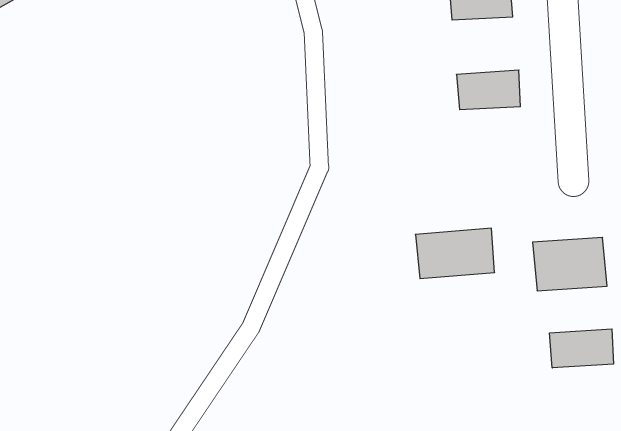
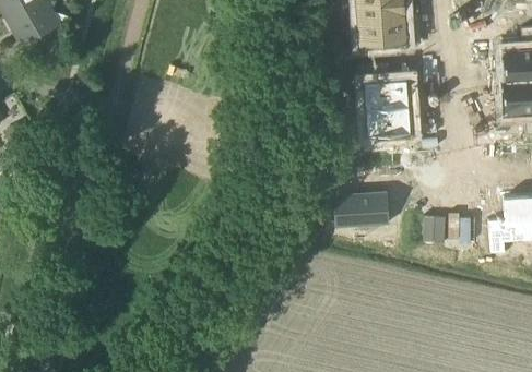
building: none -> [368,107,414,136]
building: [550,329,613,368] -> none

